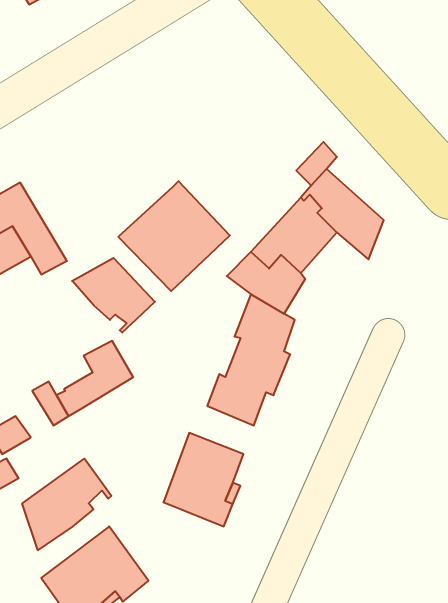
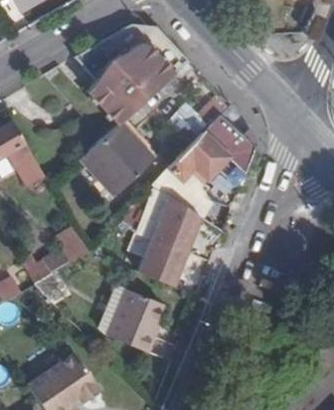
building: none -> [72,23,187,127]
building: [72,258,155,333] -> none
building: [22,459,111,550] -> none

